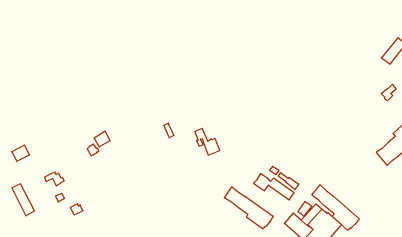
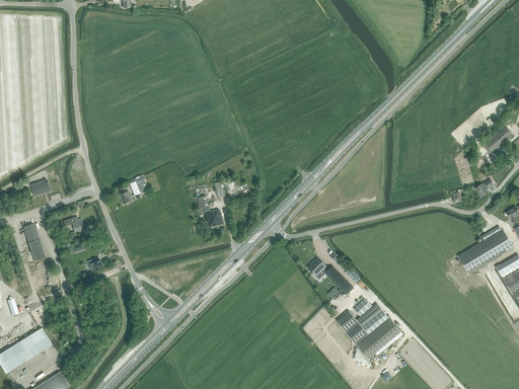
building: [195,128,220,155] -> [197,194,222,227]
building: [312,185,359,230] -> none
building: [224,187,273,229] -> none

